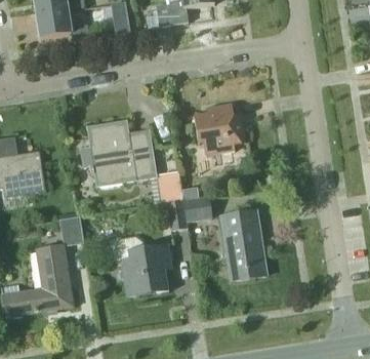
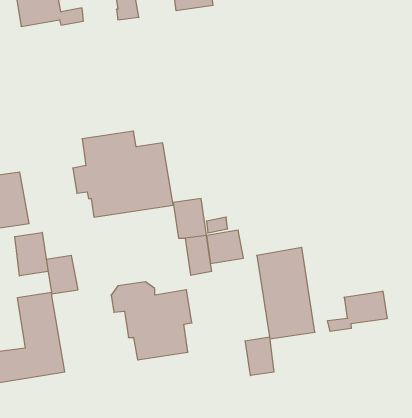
building: [193,103,245,156] -> none
building: none -> [15,232,48,276]
building: none -> [328,291,387,331]
building: none -> [245,337,274,376]

